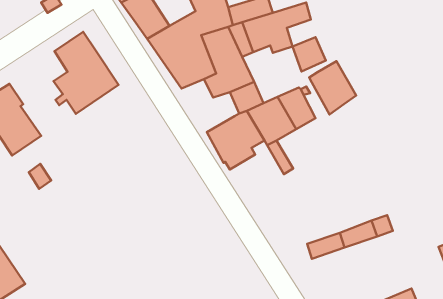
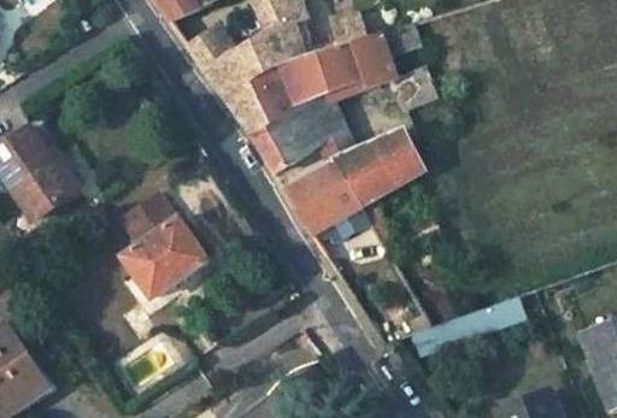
building: [53,32,119,114] -> [122,193,206,299]
building: [309,61,356,115] -> none
building: none -> [251,122,299,173]

